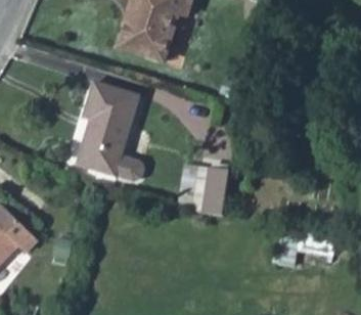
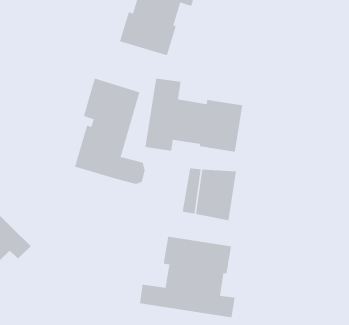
building: none -> [145,78,243,152]
building: none -> [139,236,235,318]

